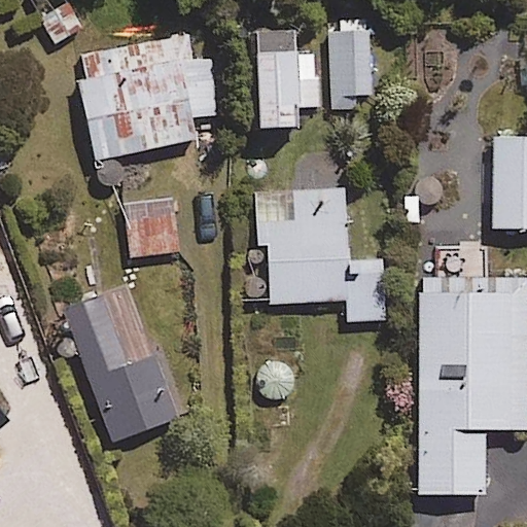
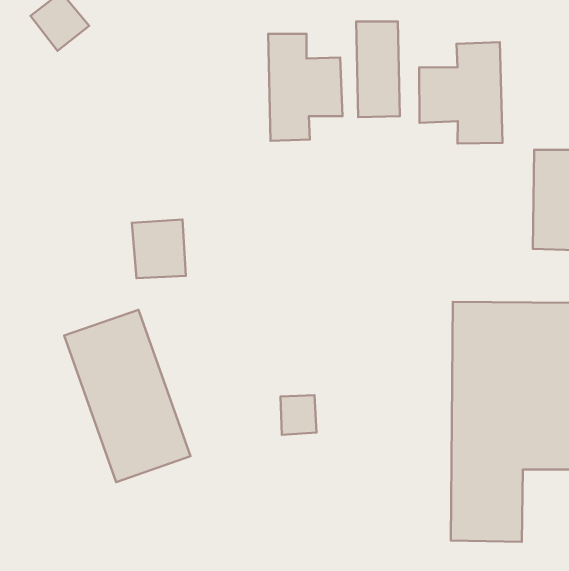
building: [79,38,222,180] -> none
building: none -> [419,42,502,144]
building: [256,187,388,320] -> none

